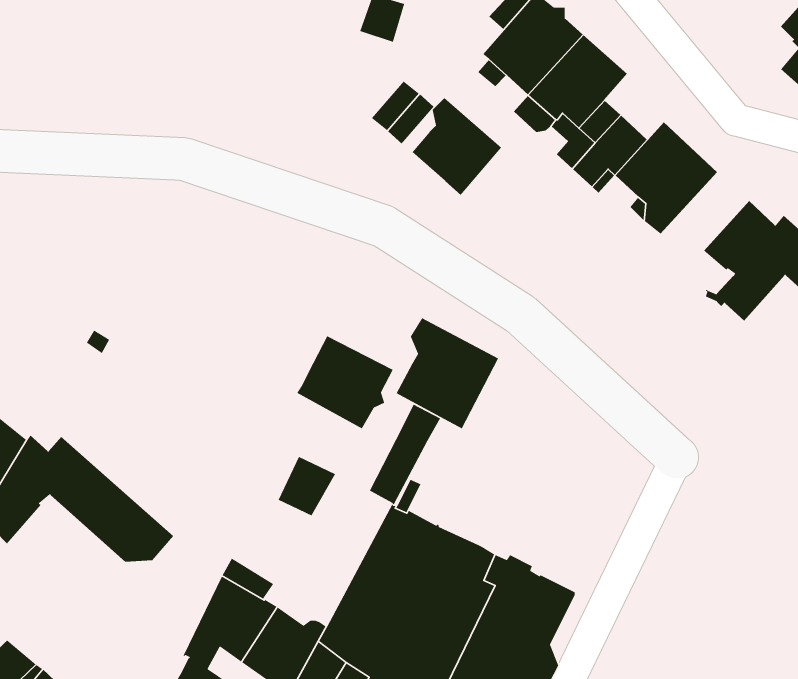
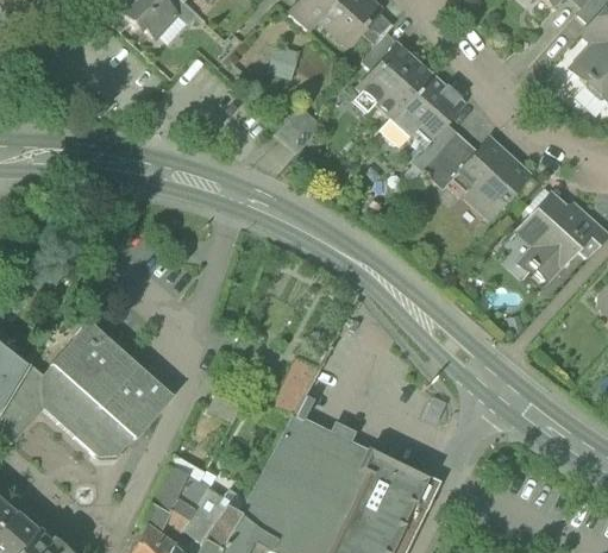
building: [411,97,502,196] -> none
building: [396,317,499,429] -> none
building: [296,335,394,430] -> none
building: none -> [52,325,170,438]

